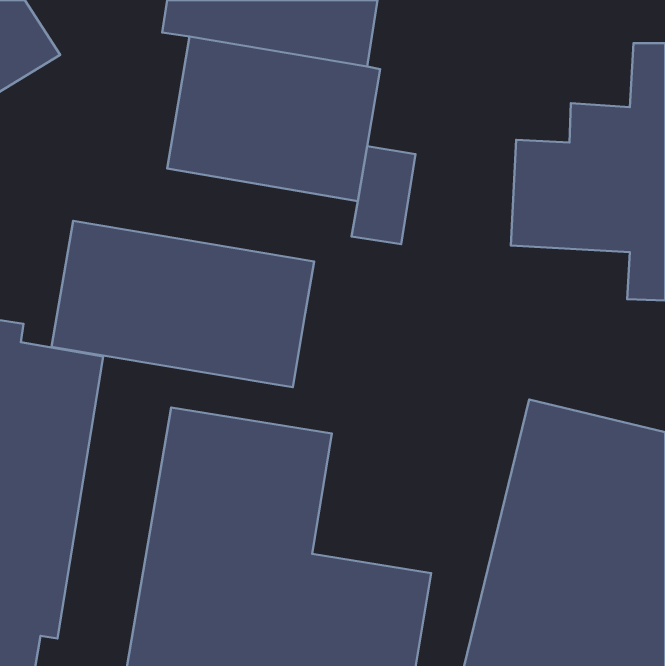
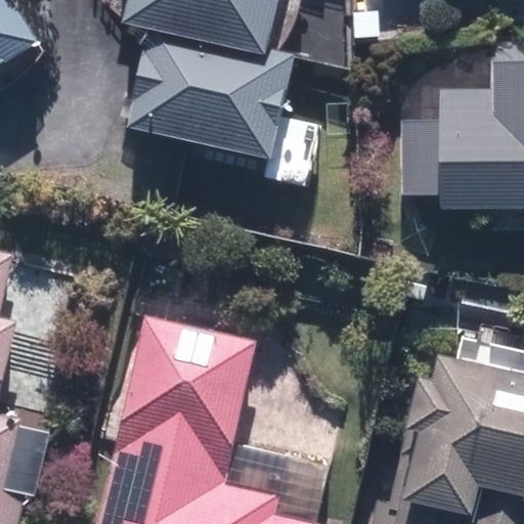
building: [52,221,314,387] -> none

